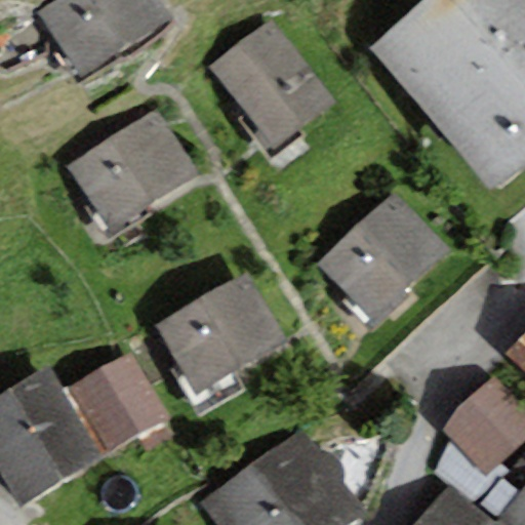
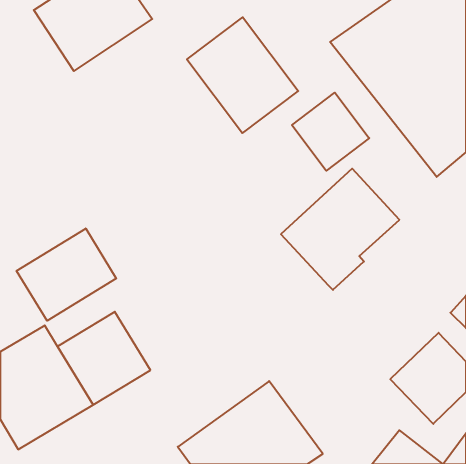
building: none -> [292,93,369,171]
building: [69,108,197,230] -> none
building: none -> [17,228,116,321]
building: [155,272,286,394] -> none

